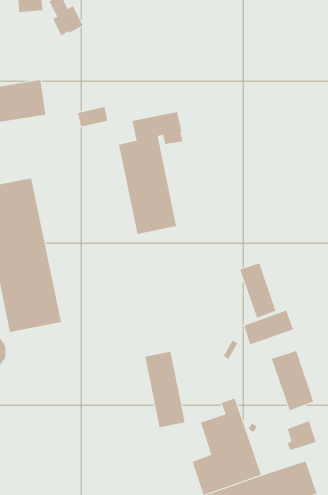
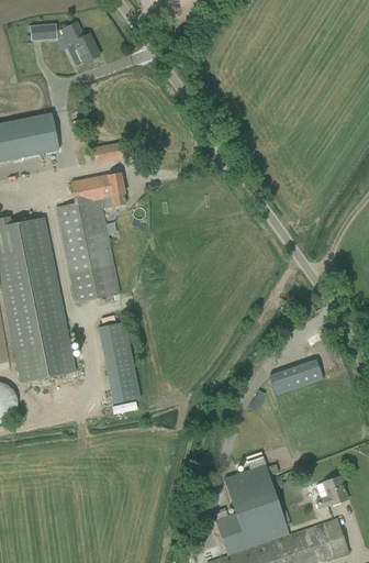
building: [118,112,183,234] -> [57,172,126,302]
building: [240,263,276,319] -> none
building: [271,350,314,411] -> none
building: [144,351,186,428] -> [98,321,142,402]

